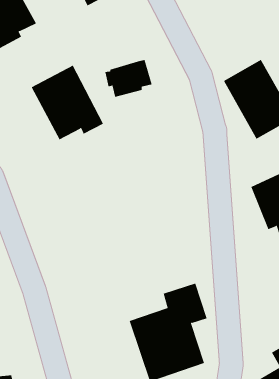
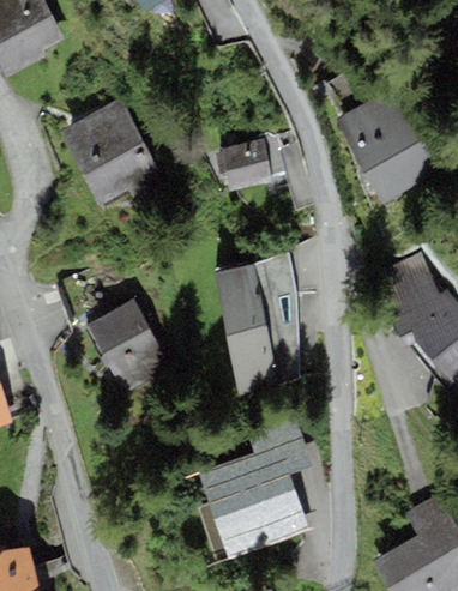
building: [104,60,153,98] -> [216,135,285,191]
building: none -> [215,251,300,394]
building: none -> [86,301,169,393]

